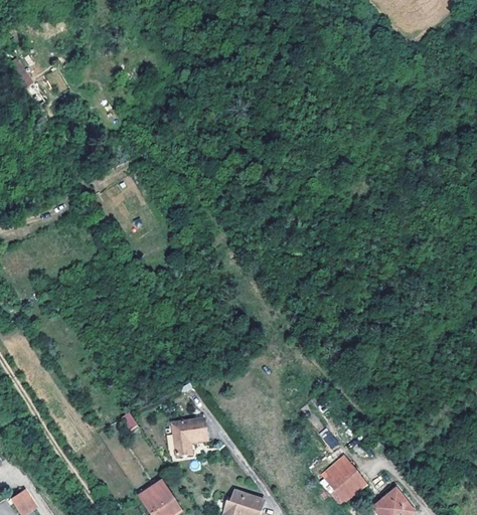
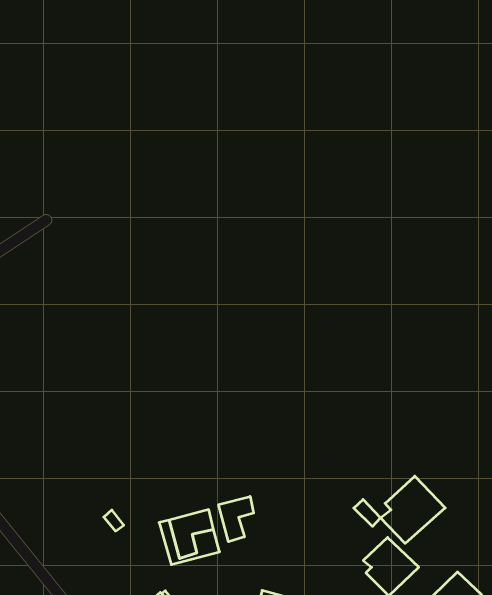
building: none -> [380,476,445,543]
building: none -> [219,496,254,542]

